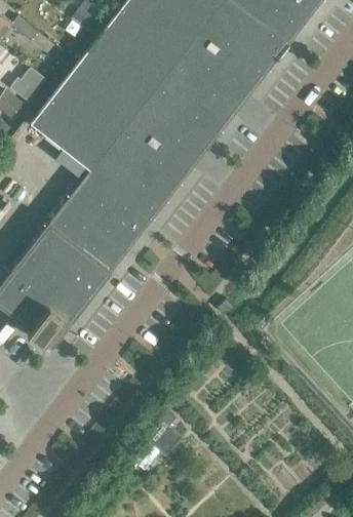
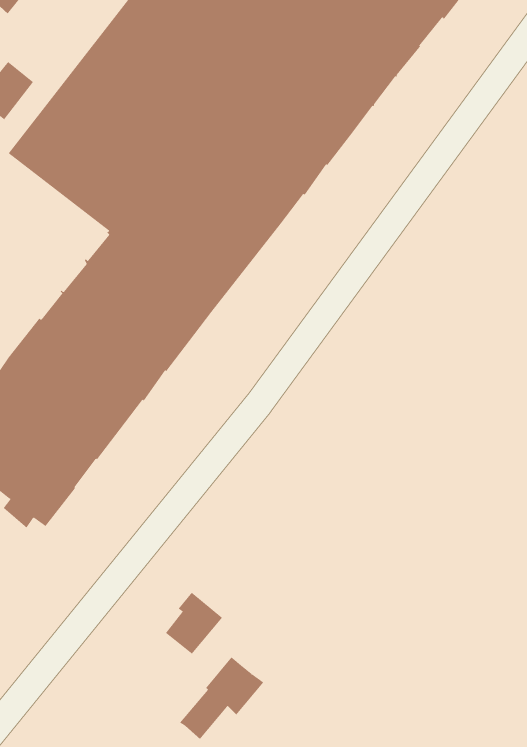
building: none -> [165,592,223,655]

